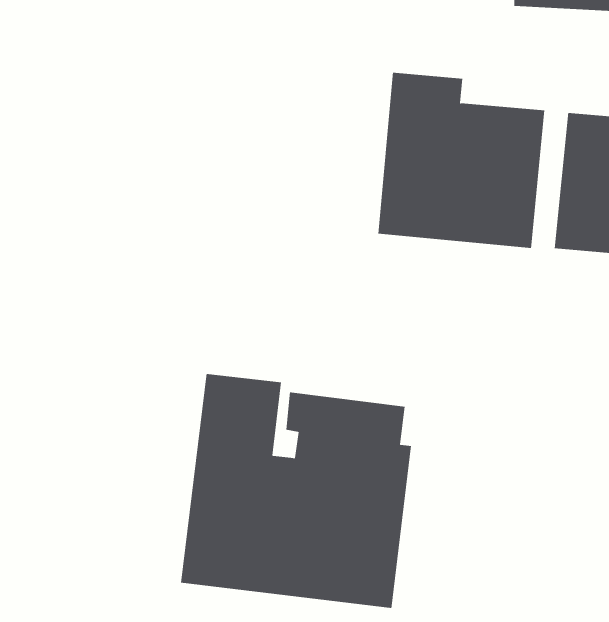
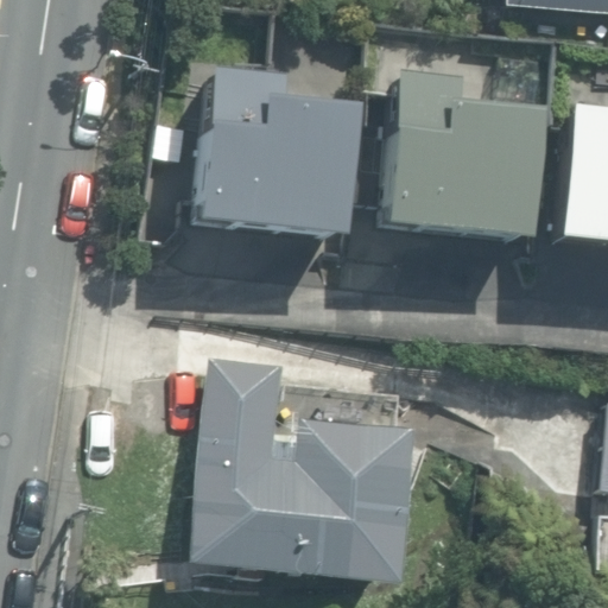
building: none -> [197,69,365,233]

